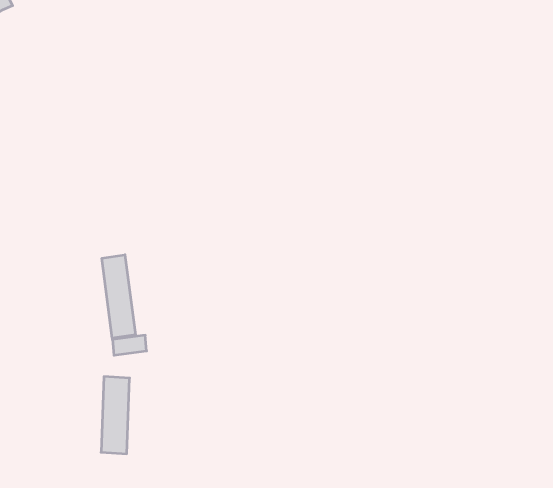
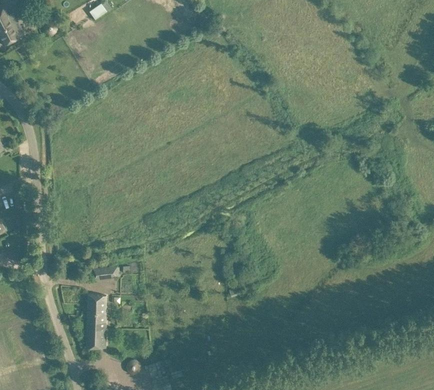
building: [102,255,135,338] -> none

